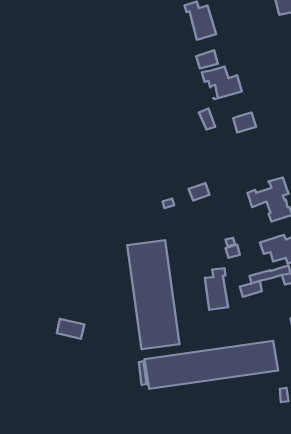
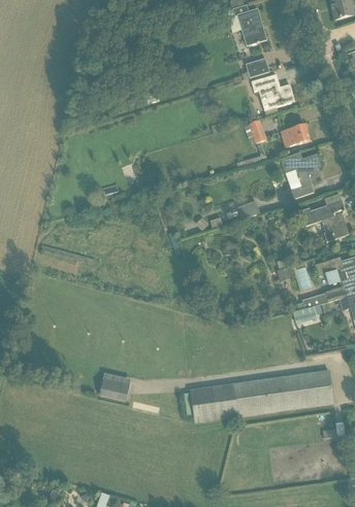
building: none -> [280,151,320,197]
building: [127,240,180,349] -> none
building: [205,268,228,310] -> none
building: [57,319,85,339] -> [99,378,129,400]

